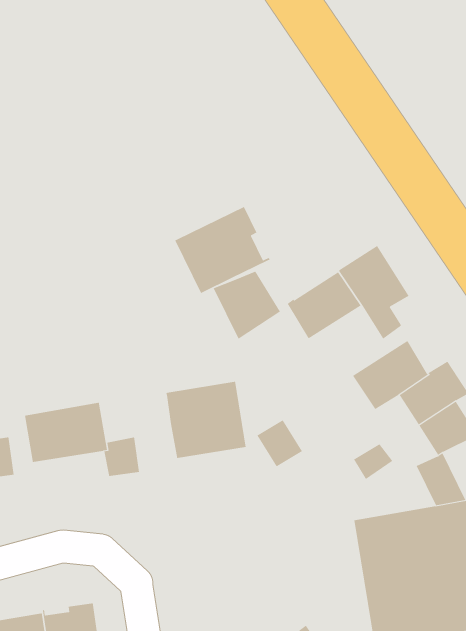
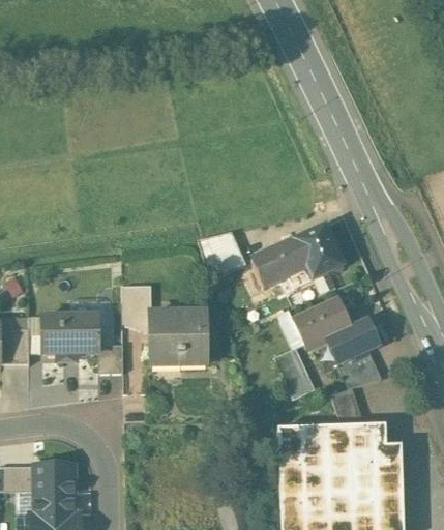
building: [174,206,270,294] -> none
building: none -> [122,283,152,315]
building: [256,419,303,467] -> [273,348,306,383]

